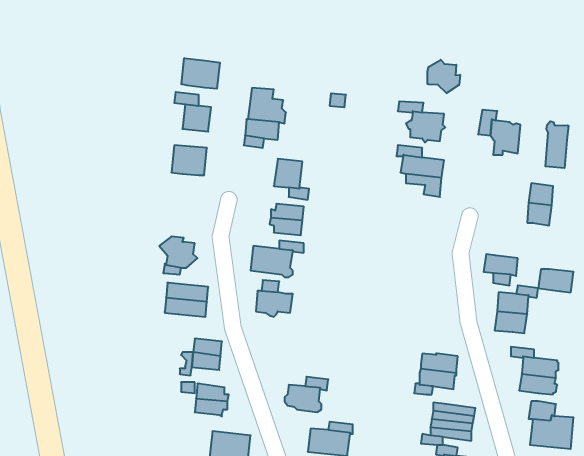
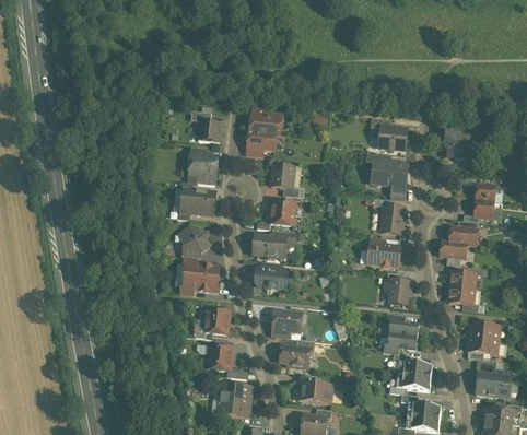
building: [181,58,220,89] -> none
building: [427,60,460,93] -> none
building: [545,121,568,168] -> none
building: none -> [179,188,218,215]
building: none -> [382,204,405,233]
building: none -> [367,243,400,266]
building: [538,269,574,292] -> [449,226,478,245]
building: none -> [386,278,409,302]
building: none -> [273,310,301,332]

